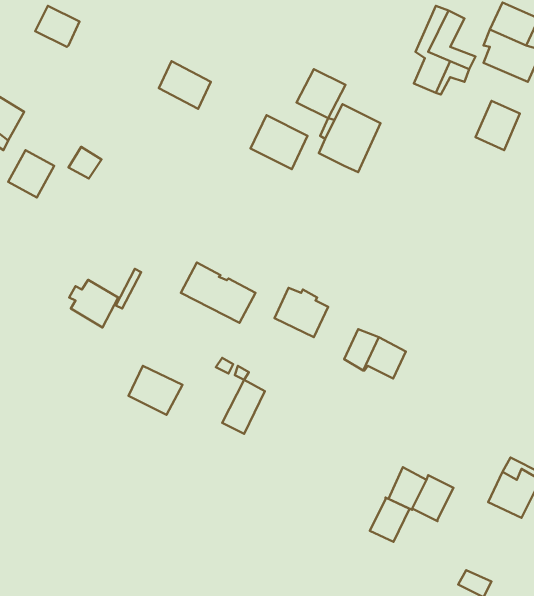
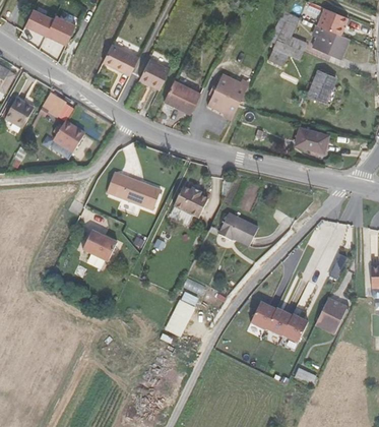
building: none -> [46,17,73,44]
building: [297,69,346,118] -> [138,57,170,88]
building: none -> [295,126,327,151]
building: [69,280,118,327] -> [56,125,87,156]
building: [222,380,265,434] -> [166,300,193,334]
building: [370,498,409,542] -> [282,316,308,345]

